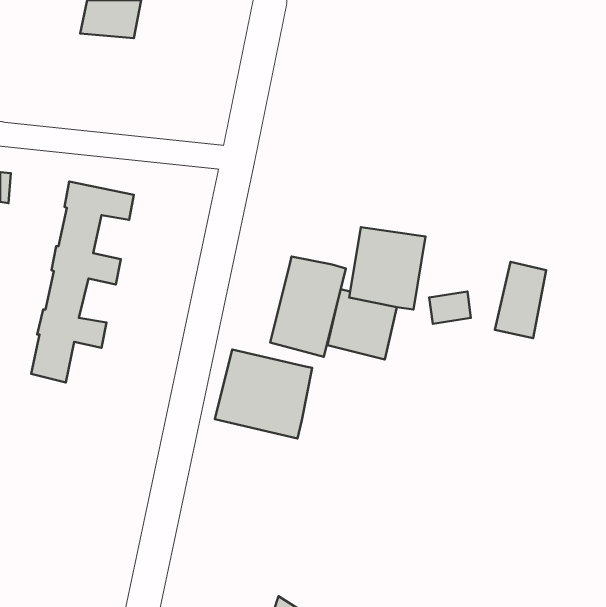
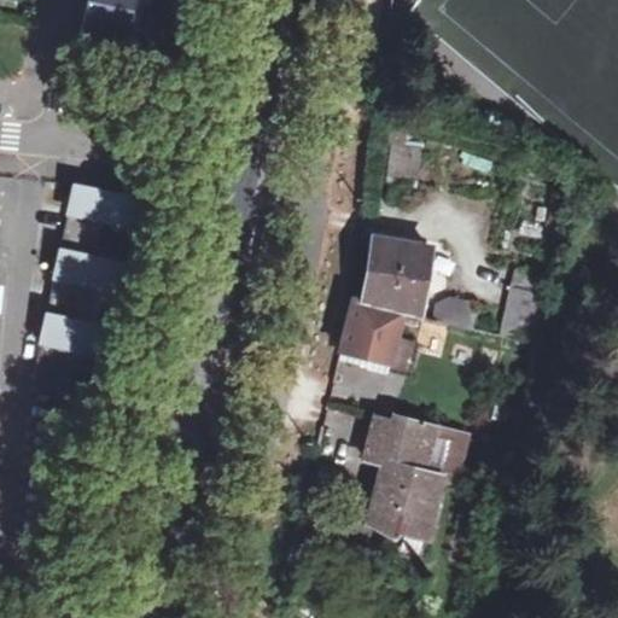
building: [270,256,346,357] -> none
building: [215,350,312,438] -> none
building: none -> [362,413,477,562]

